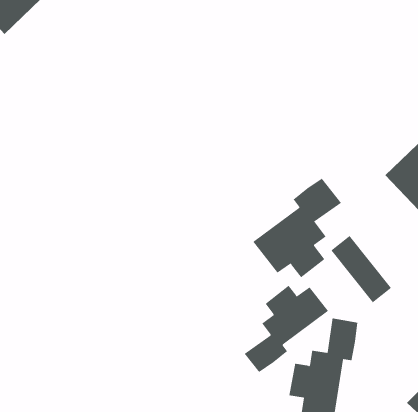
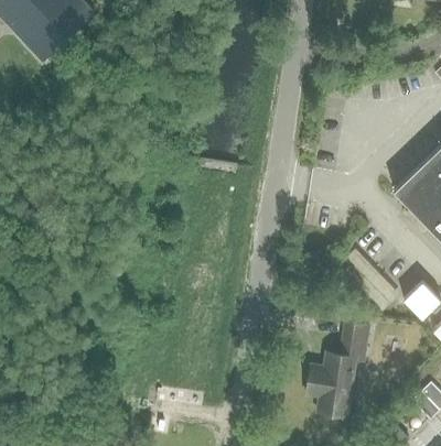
building: [252,178,342,278] -> none
building: [244,285,329,373] -> none

